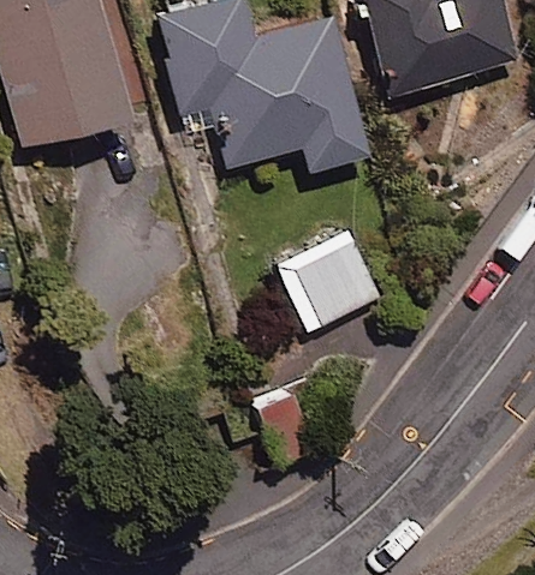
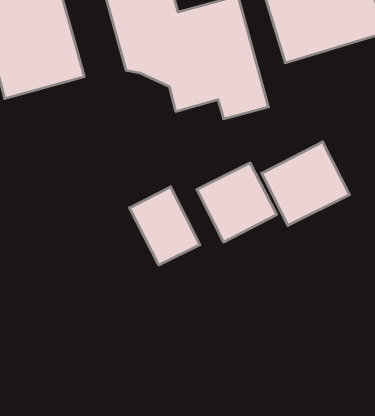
building: none -> [262,142,350,226]
building: none -> [129,187,200,265]

